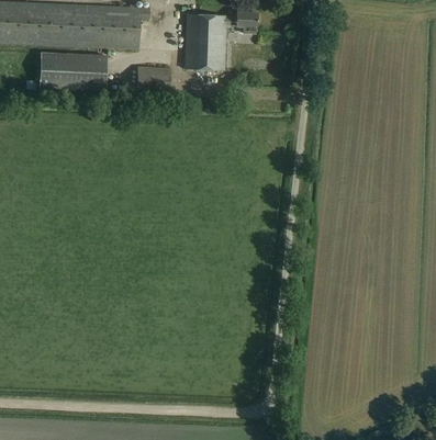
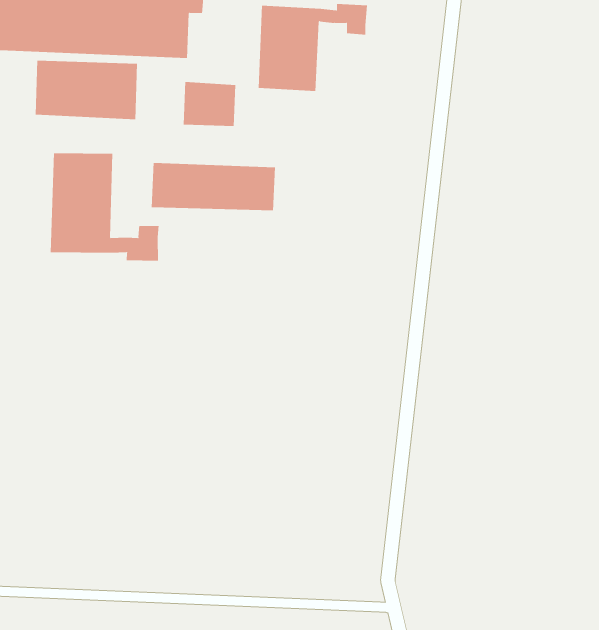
building: none -> [50,152,159,261]
building: none -> [151,162,275,211]

